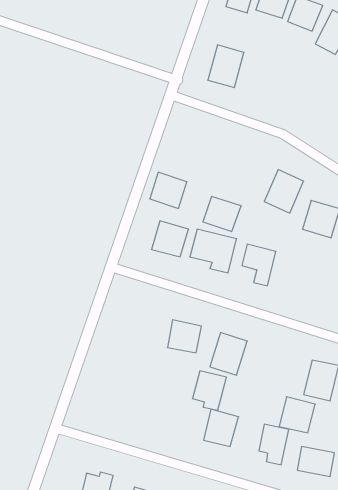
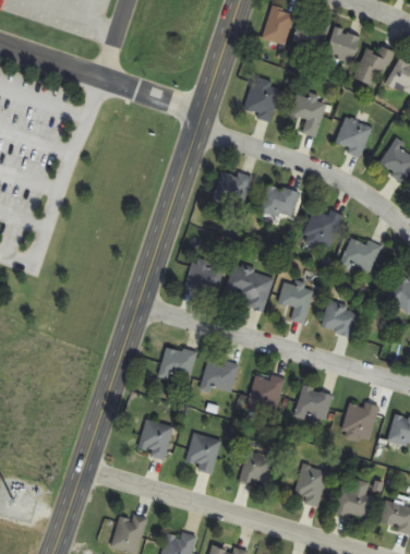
building: none -> [290,93,325,137]
building: none -> [334,117,371,156]
building: [150,172,187,208] -> [213,169,251,206]
building: [203,196,241,232] -> [260,183,299,219]
building: none -> [321,301,358,337]
building: none -> [157,345,196,381]
building: [192,371,226,410] -> [185,433,220,473]
building: none -> [136,419,172,458]
building: [279,397,315,433] -> [294,386,331,423]

